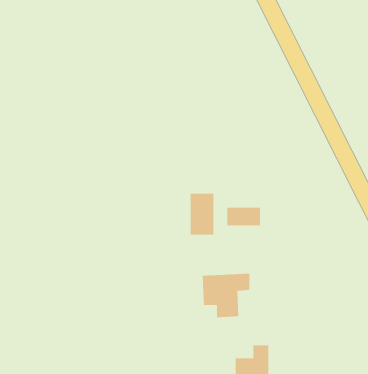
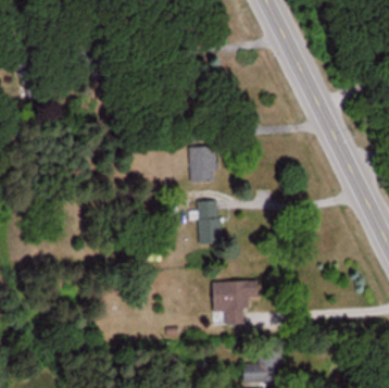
building: none -> [190,147,218,184]
building: [227,207,261,226] -> none

